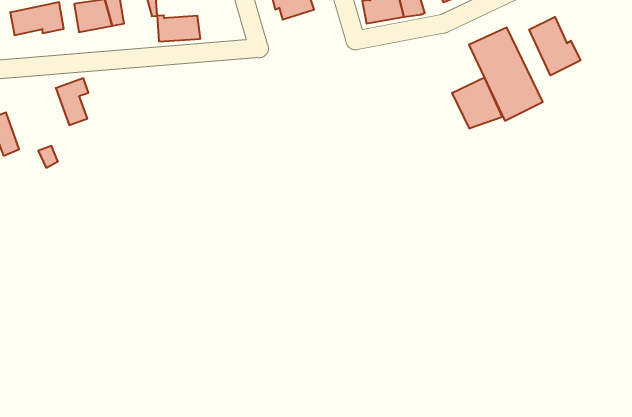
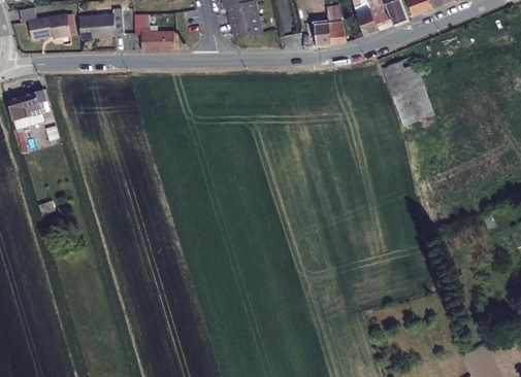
building: [529,17,580,75] -> none
building: [452,77,502,129] -> none
building: [56,78,88,125] -> [21,89,45,124]

